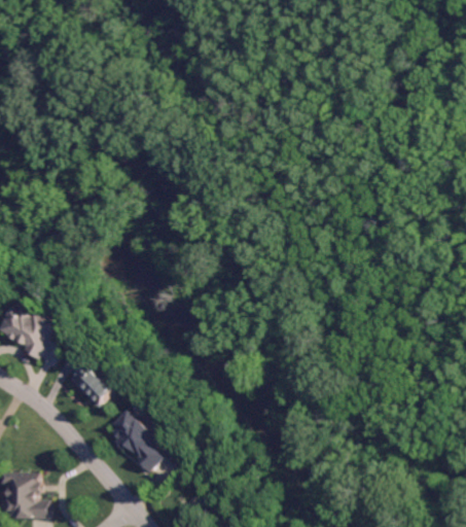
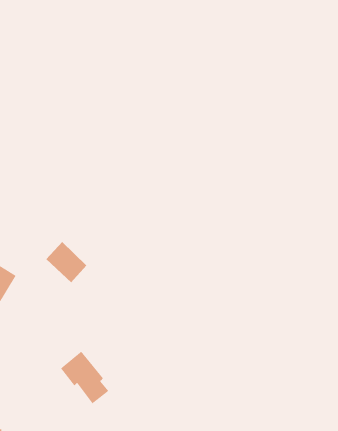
building: [70,360,118,409] -> [45,241,87,283]

